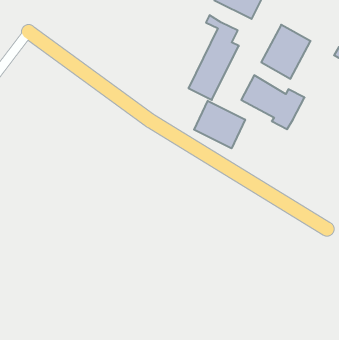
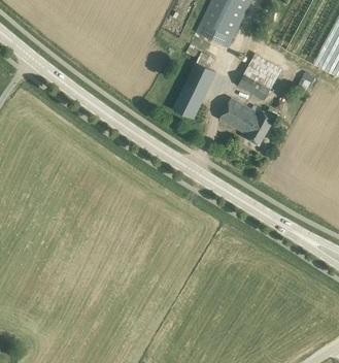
building: [194,101,245,148] -> none

